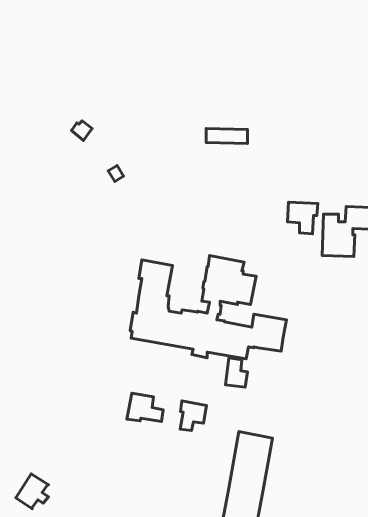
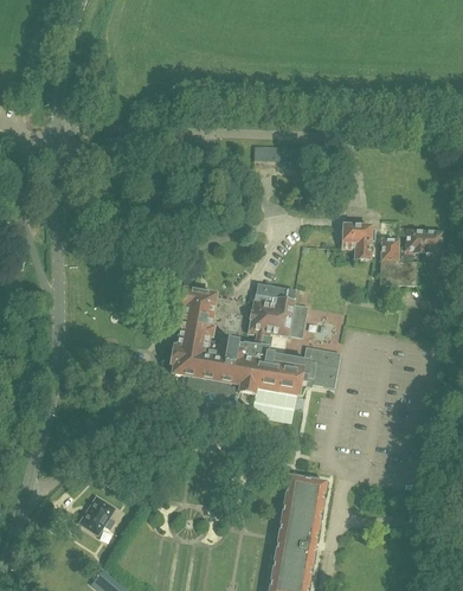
building: [127,393,163,422] -> none
building: [180,401,207,431] -> none
building: [16,474,49,509] -> [79,497,115,535]

